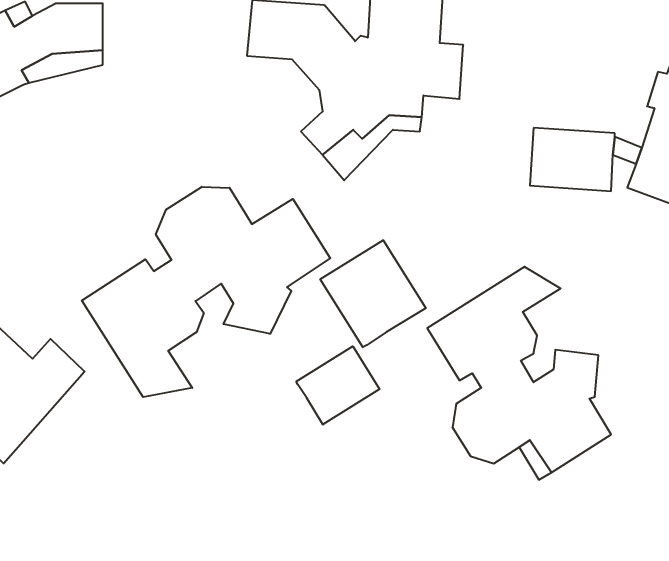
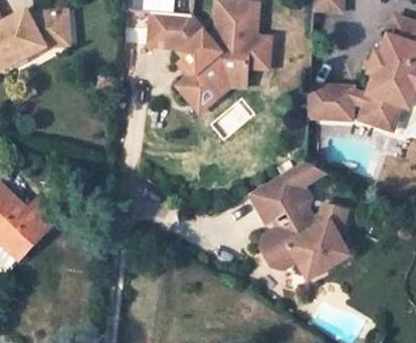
building: [82,187,330,397] -> none
building: [320,240,426,347] -> none
building: [296,346,379,425] -> none

